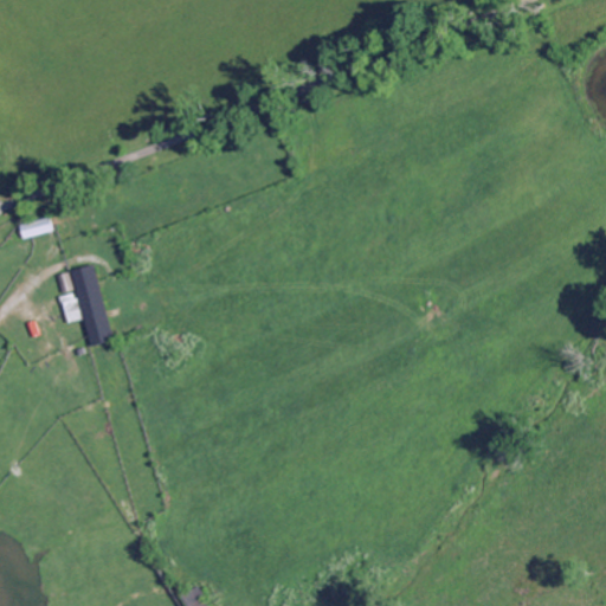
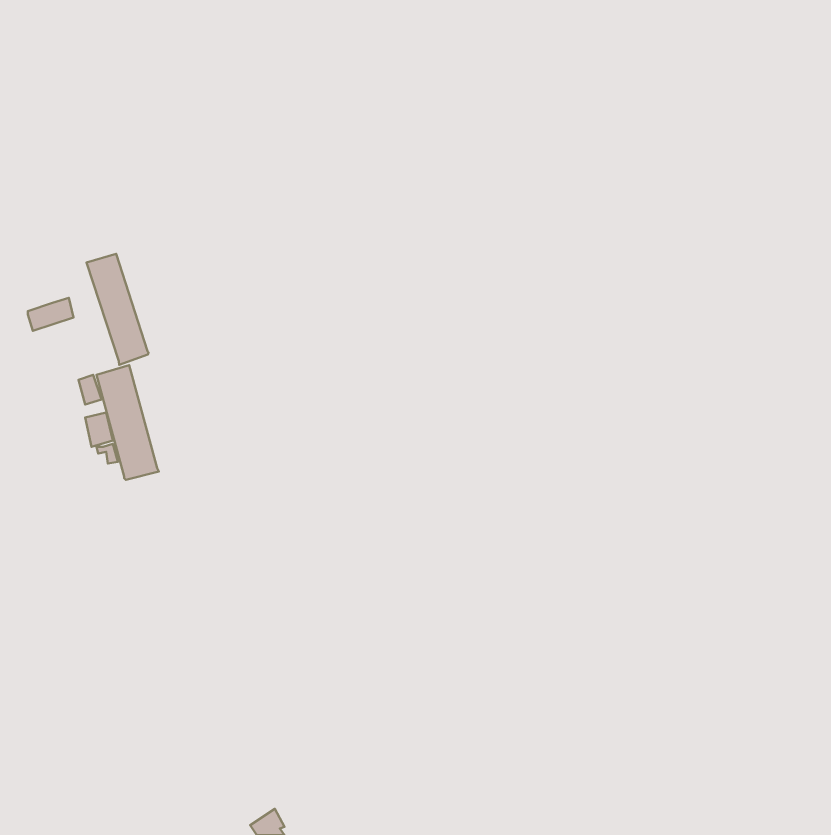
building: none -> [86,254,148,365]

